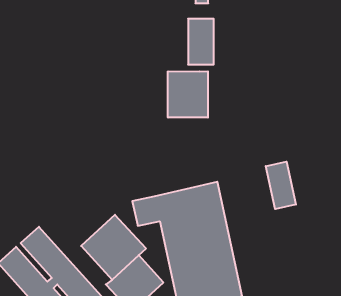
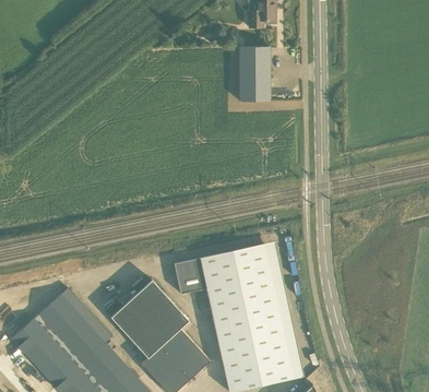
building: [168,71,208,118] -> none
building: [266,162,296,209] -> none

